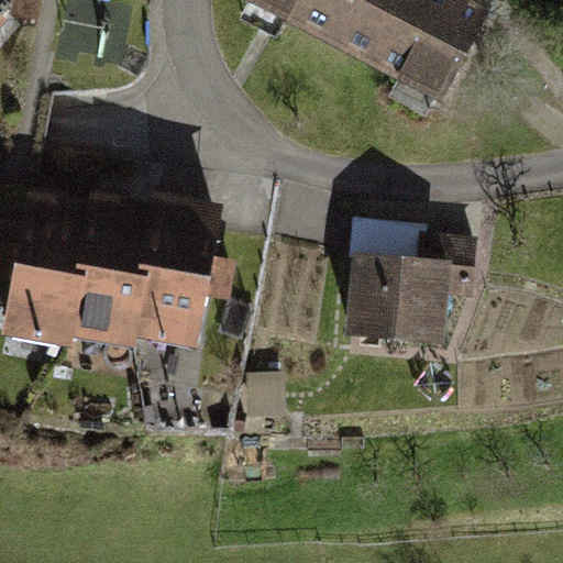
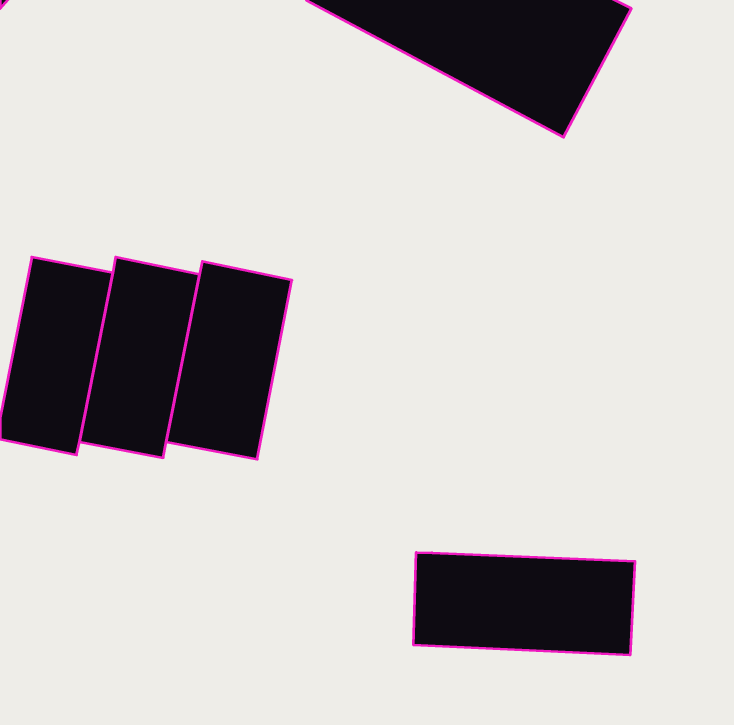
building: [350,222,479,345] -> none
building: none -> [414,552,635,655]

